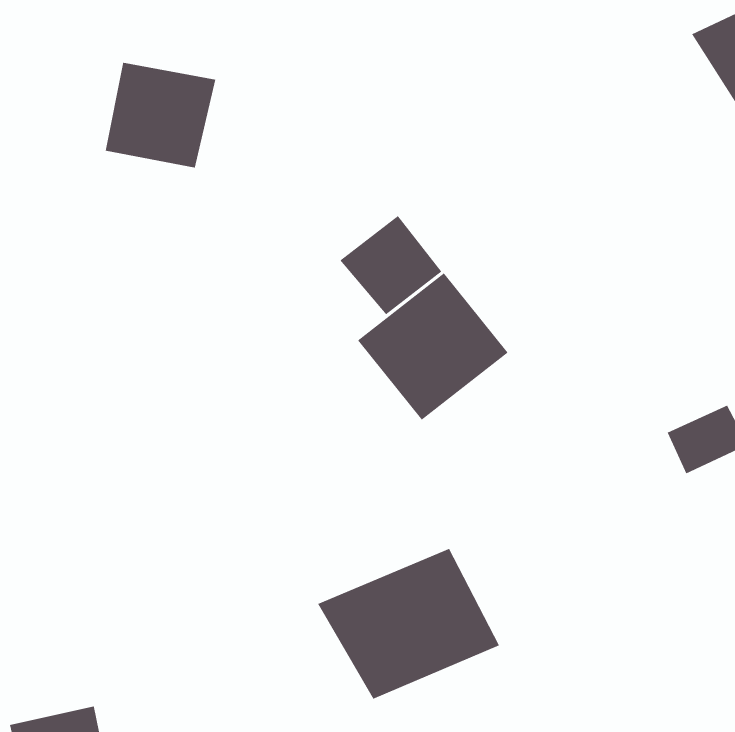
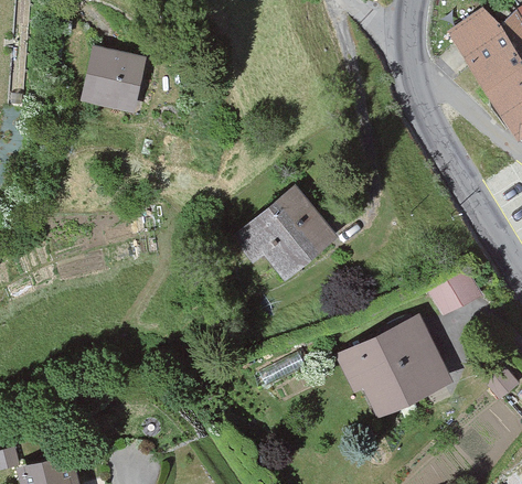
building: [340,215,442,315] -> none
building: [317,548,500,700] -> [338,320,454,416]

